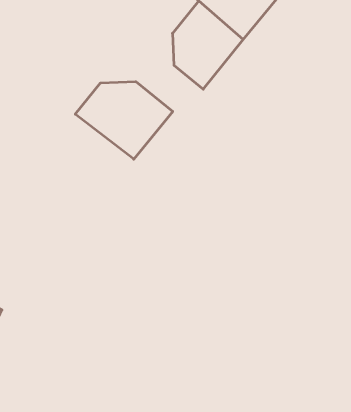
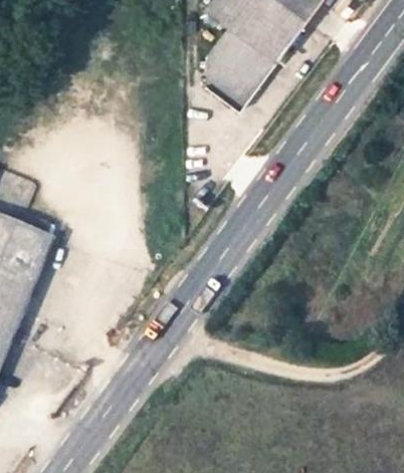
building: [75,82,173,159] -> none

